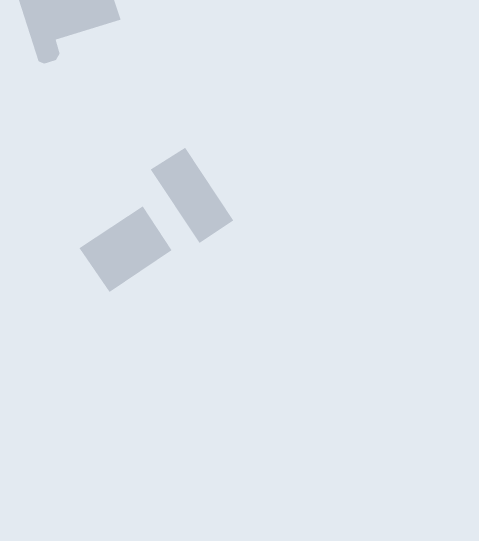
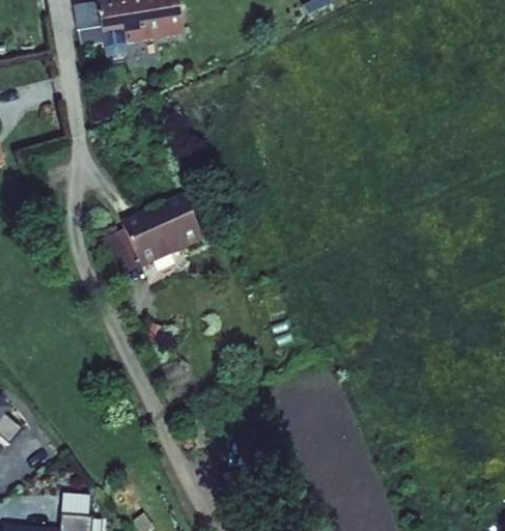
building: [150,147,234,244] -> none

